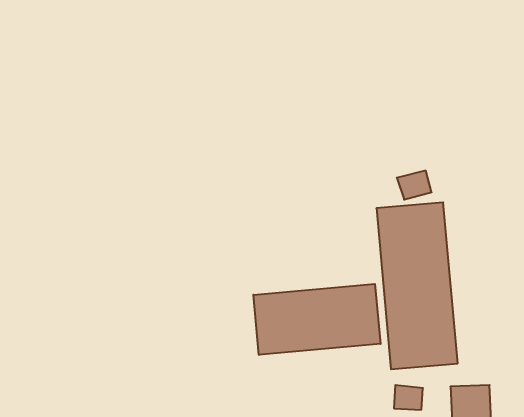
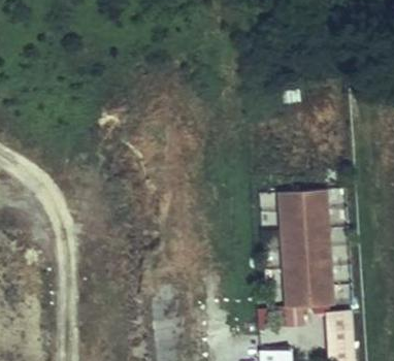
building: [253,284,381,355] -> none

